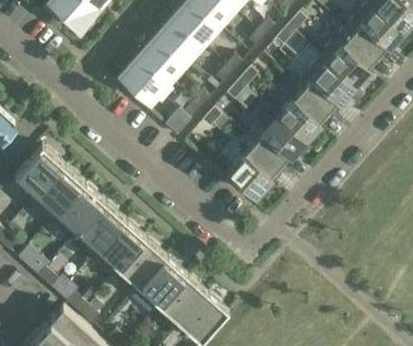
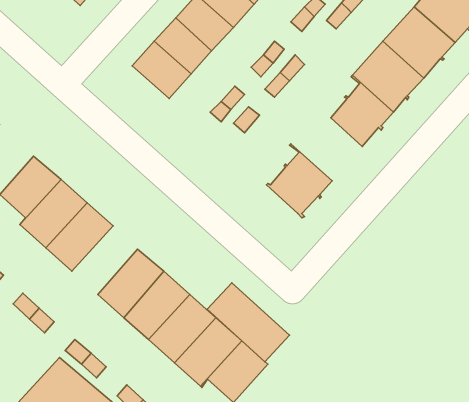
building: [247,118,304,168] -> none
building: [72,204,125,259] -> none
building: none -> [207,283,289,362]

